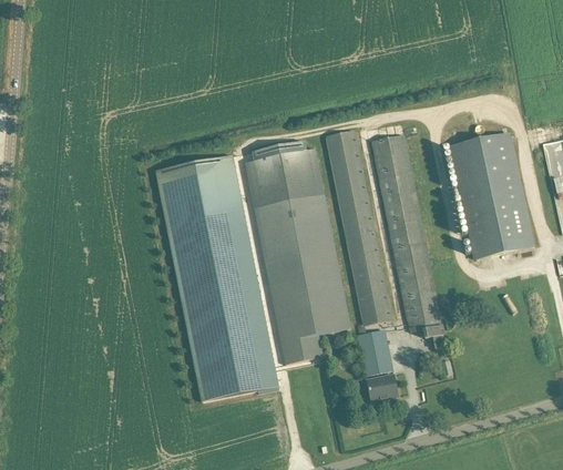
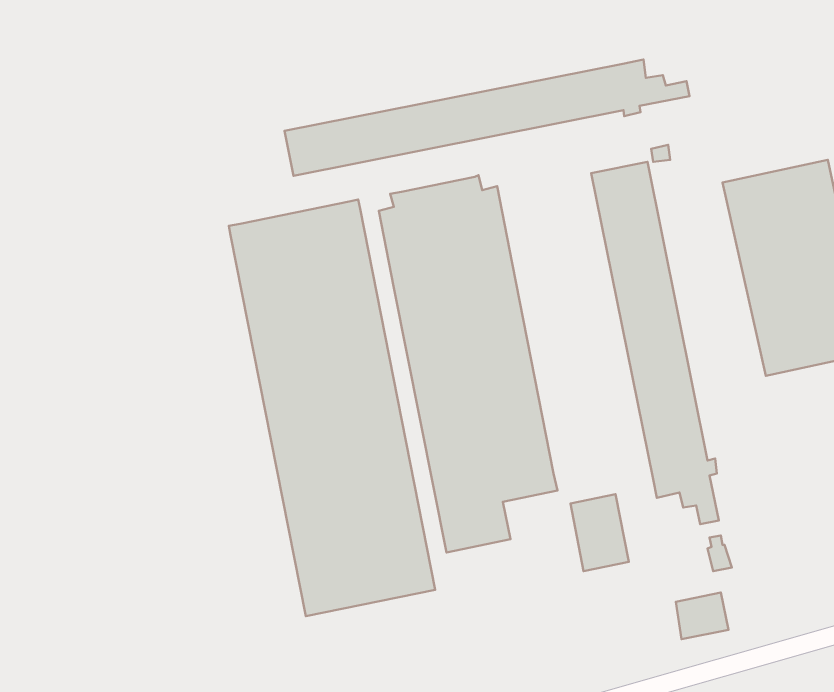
building: none -> [284,60,689,176]
building: [325,130,392,331] -> none
building: [367,374,398,401] -> [676,592,728,639]

